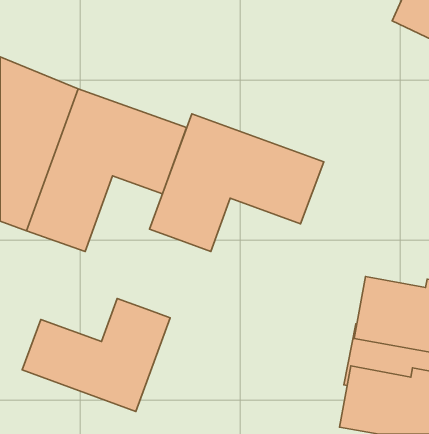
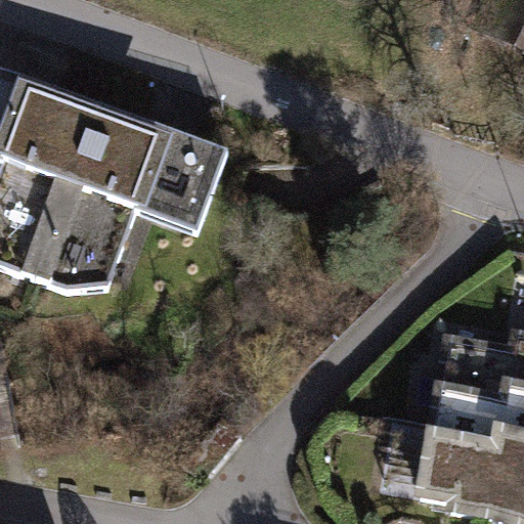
building: [149,114,324,251] -> none
building: [22,298,170,411] -> none

